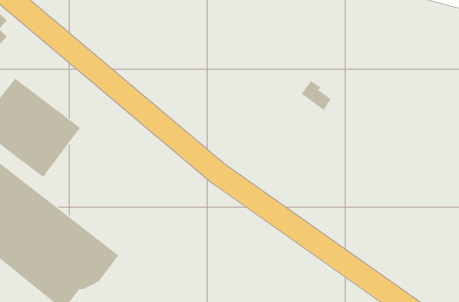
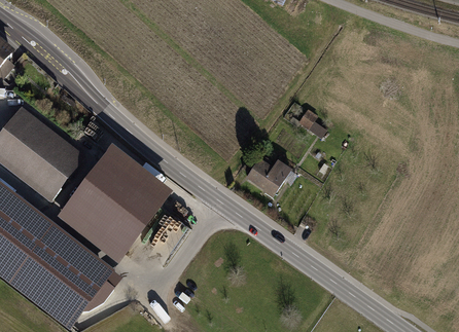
building: none -> [56,144,172,262]
building: none -> [244,155,290,196]

